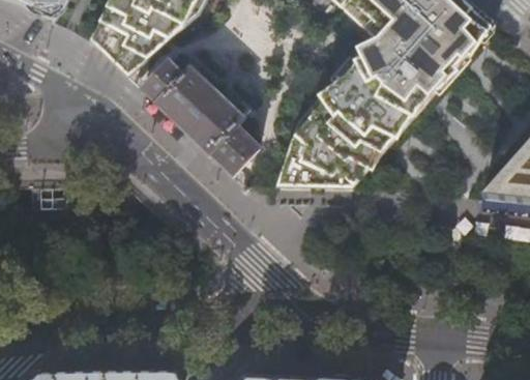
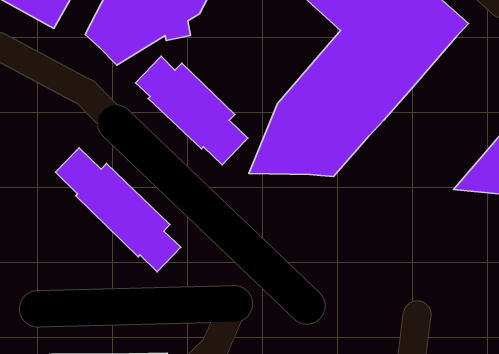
building: none -> [56,148,181,272]

